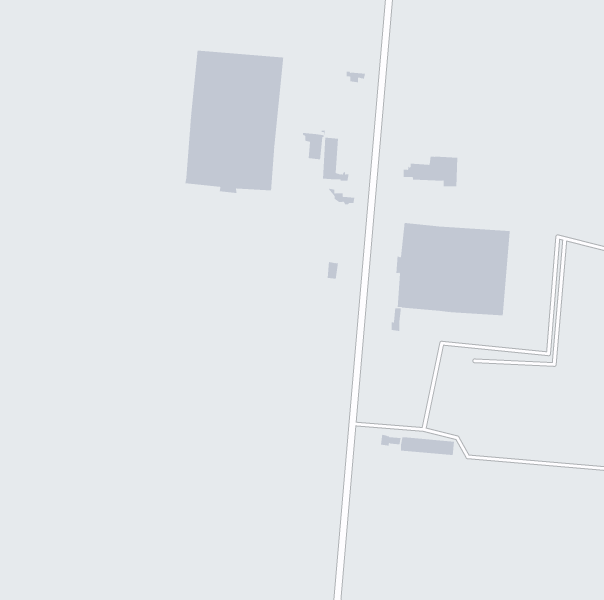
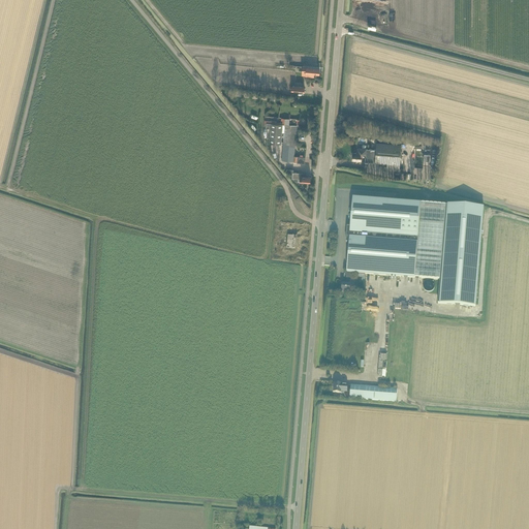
building: [185,50,284,194] -> none
building: none -> [437,201,483,303]

